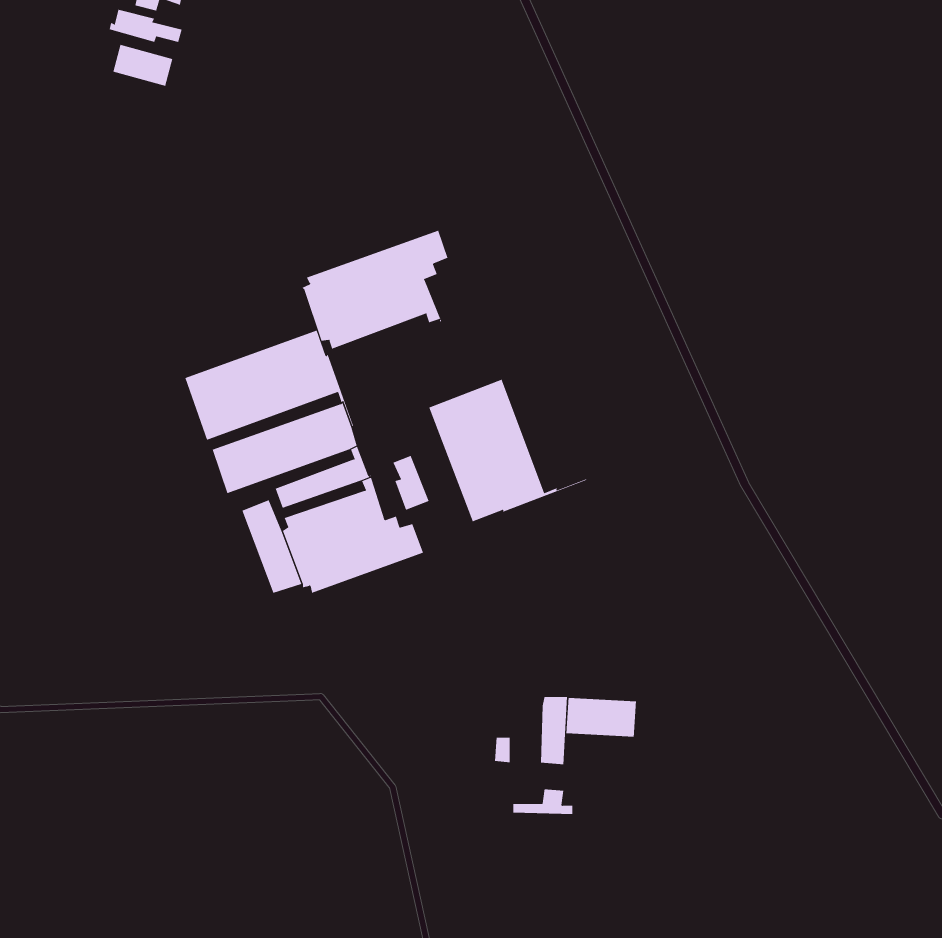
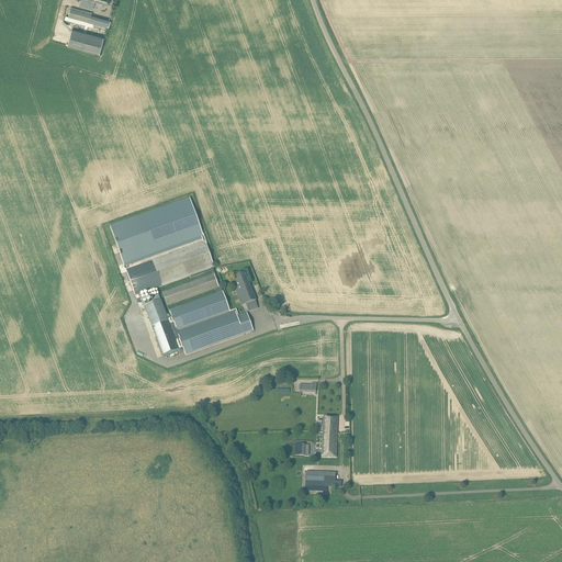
building: [301,230,448,349] -> none
building: [429,379,587,522] -> none
building: [566,697,637,737] -> none

